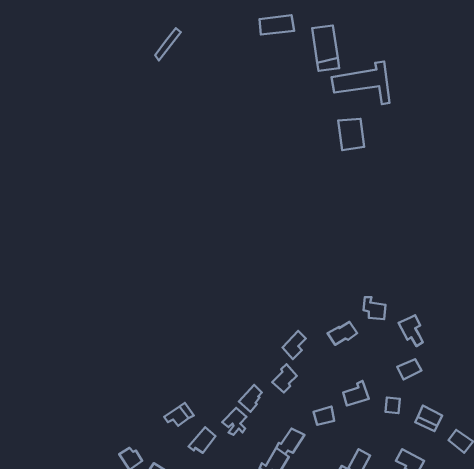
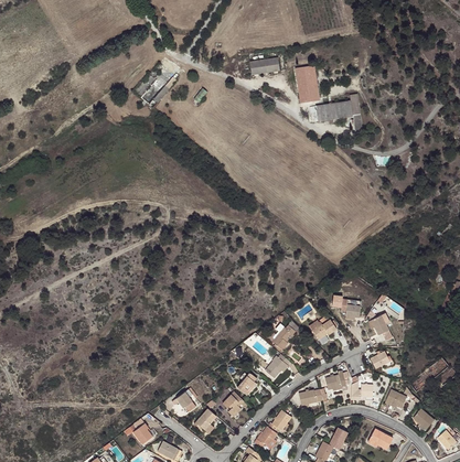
building: [338,119,364,150] -> none

